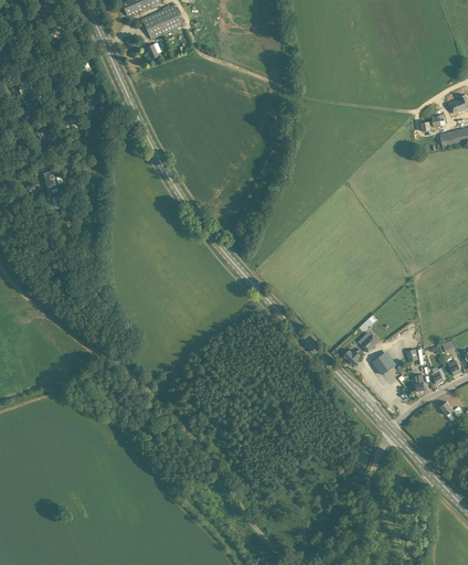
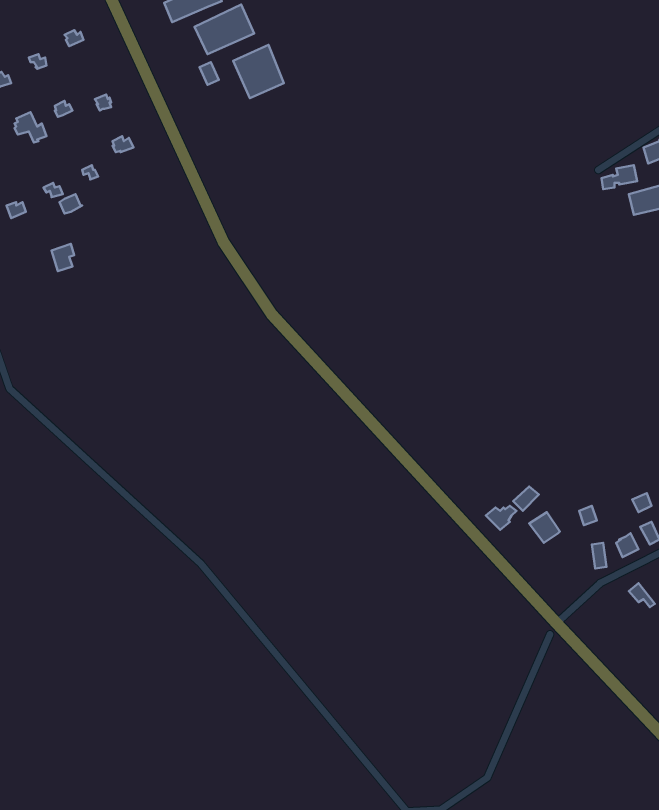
building: none -> [233,45,284,98]

